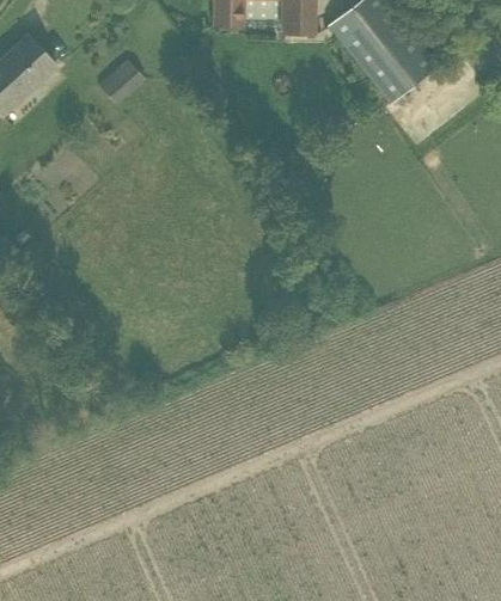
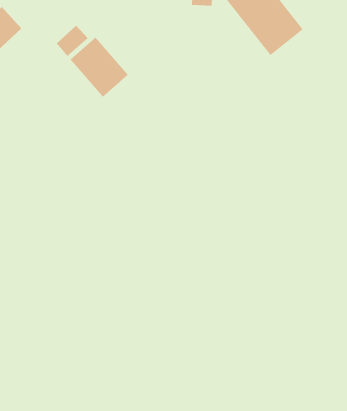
building: none -> [70,37,129,97]

